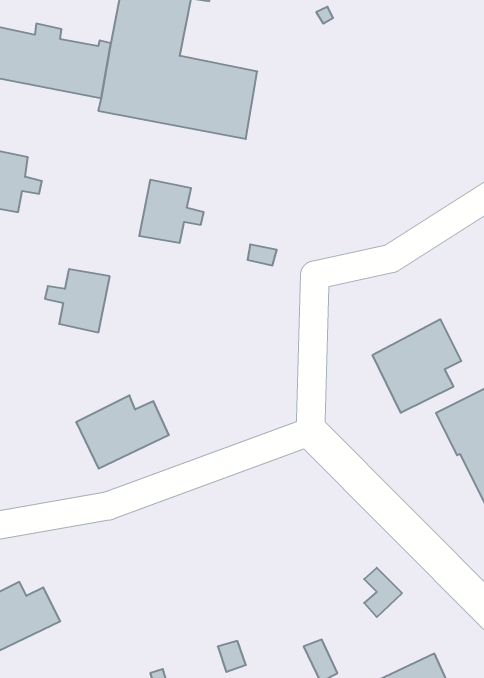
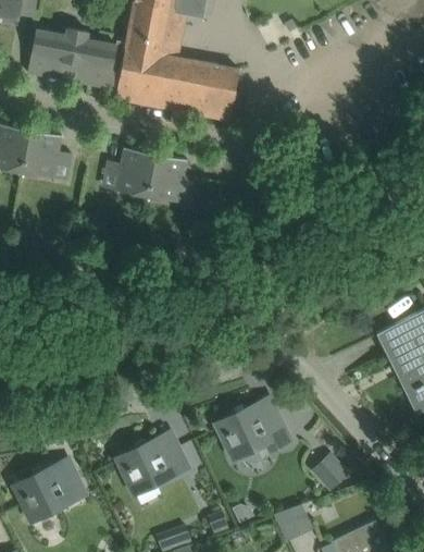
building: [45,269,110,332] -> [105,148,155,197]
building: [373,319,461,413] -> none
building: [76,395,169,469] -> [116,438,188,494]
building: none -> [215,403,291,459]

